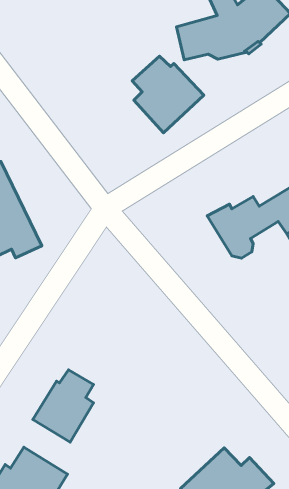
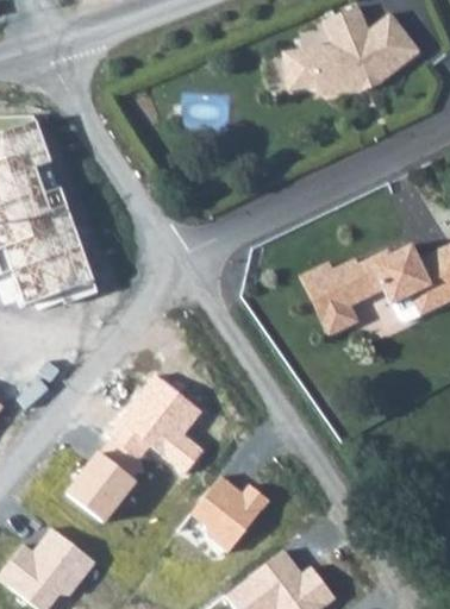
building: [132,56,204,133] -> none
building: none -> [108,373,205,471]
building: none -> [194,476,273,553]

